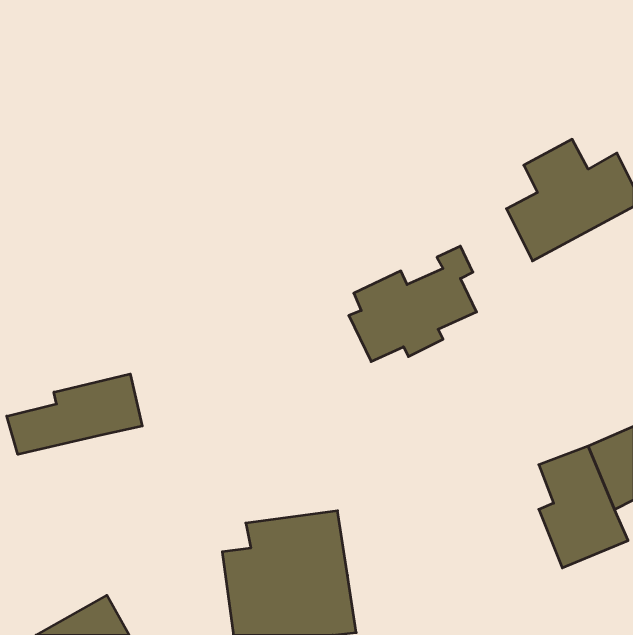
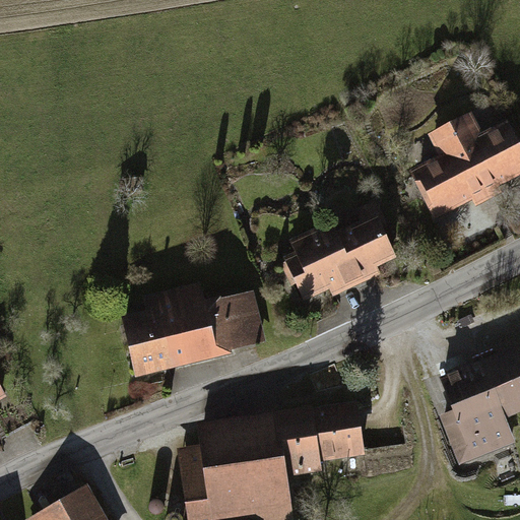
building: none -> [127,288,256,374]
building: [7,374,142,454] -> none
building: none -> [277,406,364,470]

